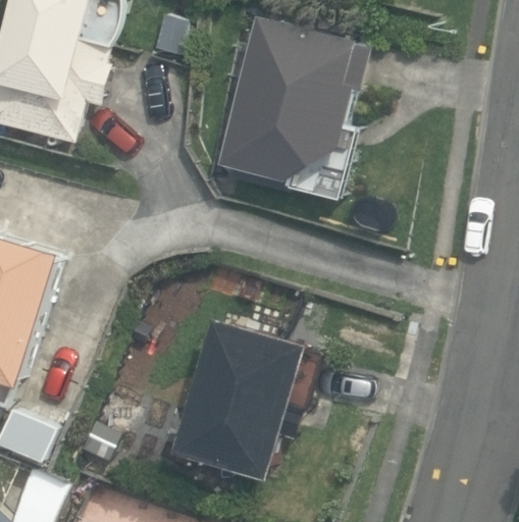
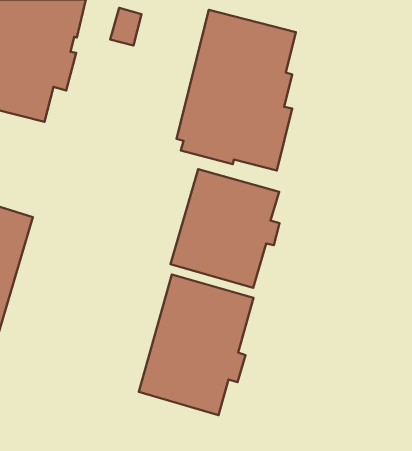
building: none -> [171,169,280,288]

